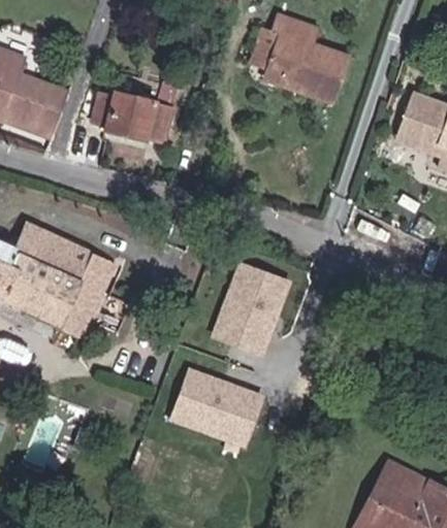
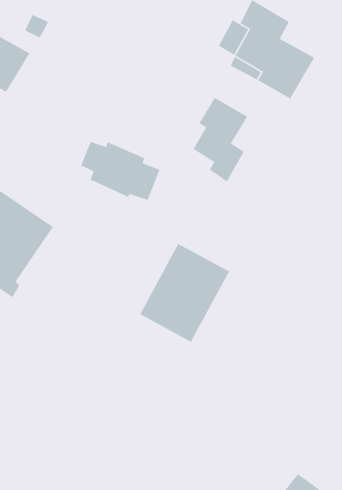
building: [92,92,170,143] -> [80,141,160,201]
building: none -> [192,97,248,182]
building: [170,365,268,447] -> none

